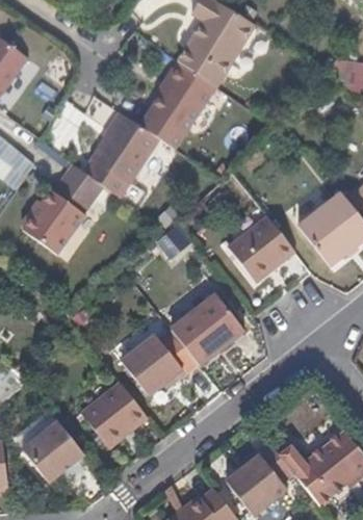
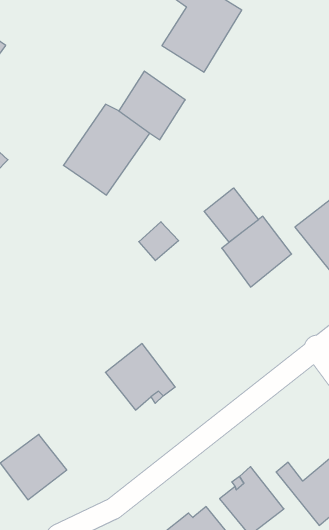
building: [157,56,213,107] -> none
building: [27,163,107,255] -> none
building: none -> [204,188,258,242]
building: [174,295,248,368] -> none
building: [79,381,149,449] -> none

